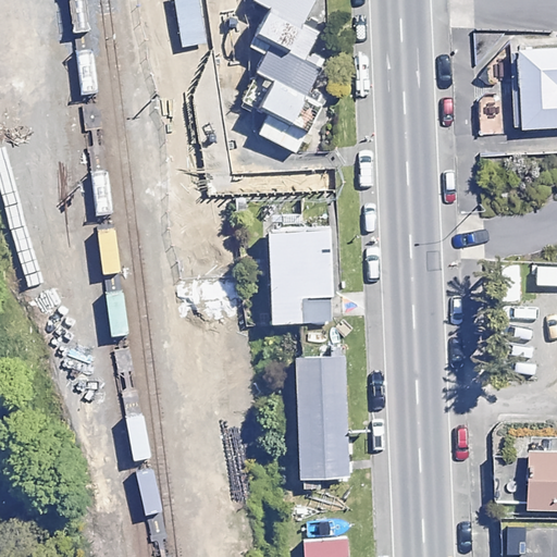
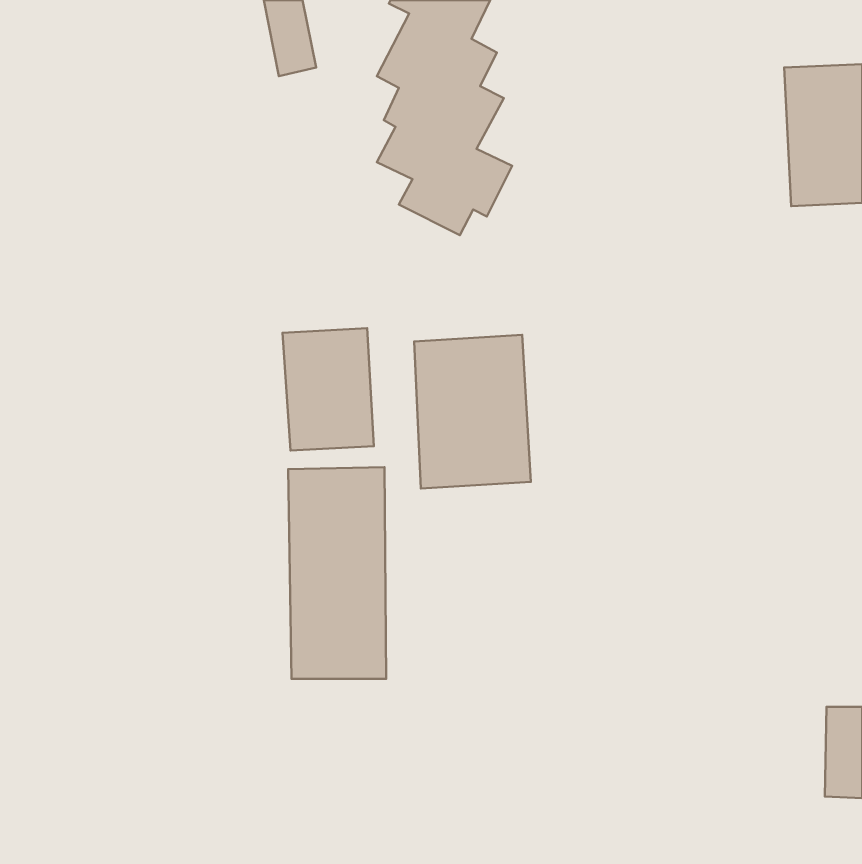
building: none -> [283,328,374,450]
building: [297,347,360,483] -> [288,467,386,679]

